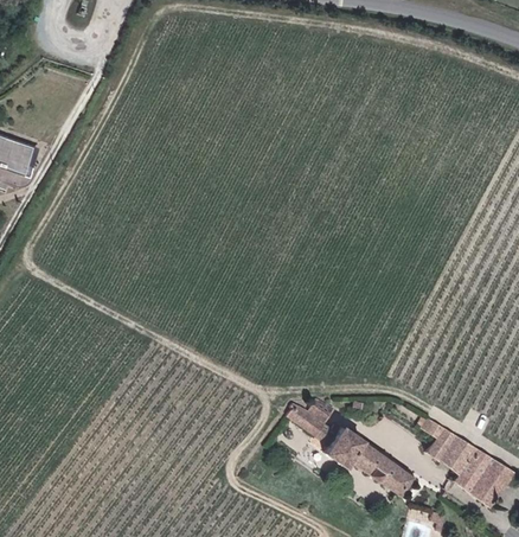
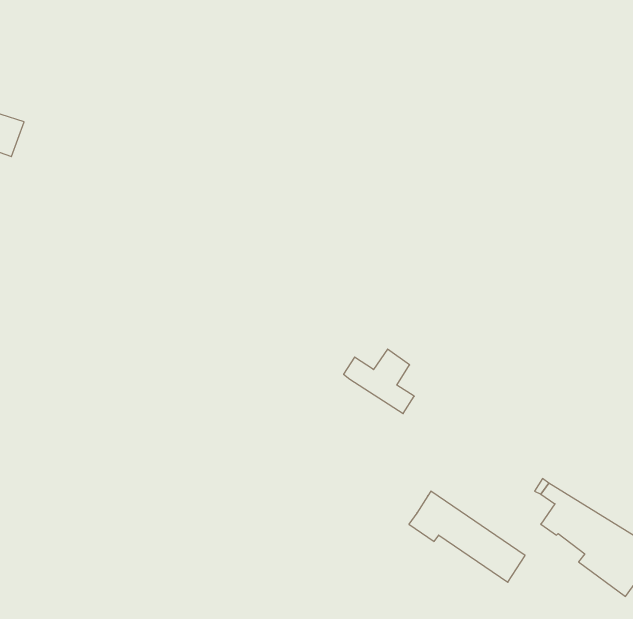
building: [287,395,340,443] -> [344,349,414,414]

